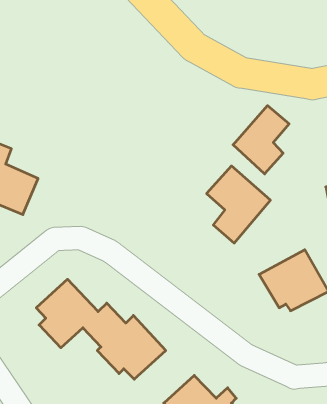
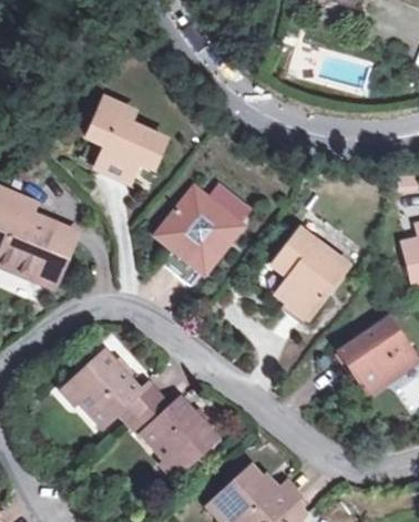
building: none -> [83,106,155,185]
building: [233,106,289,174] -> none
building: none -> [155,172,254,274]

